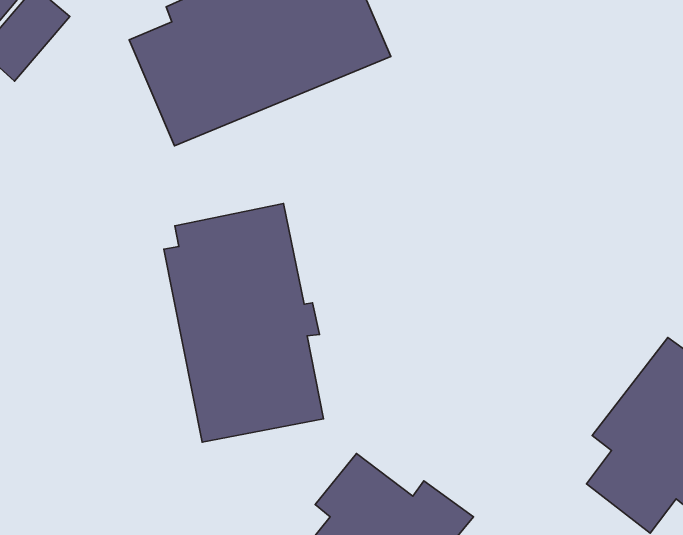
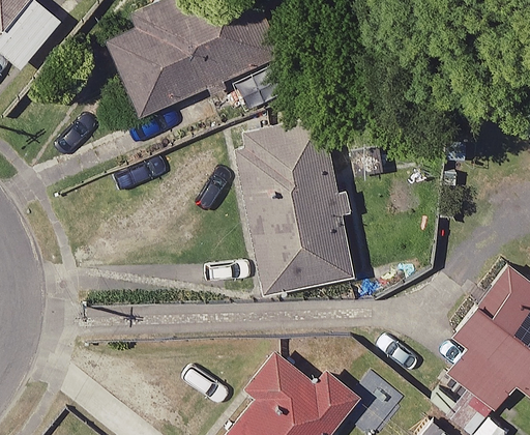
building: [164,204,324,442] -> [234,116,354,295]

